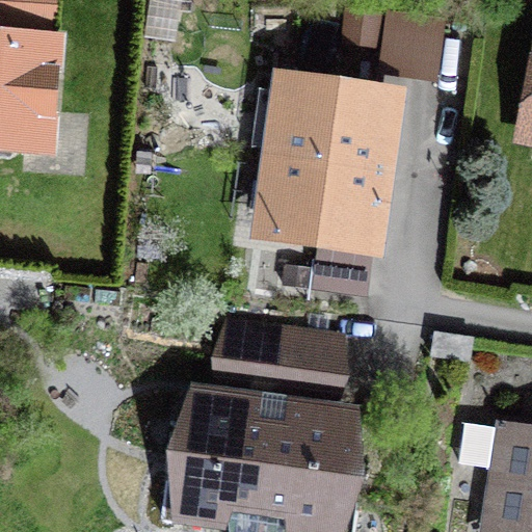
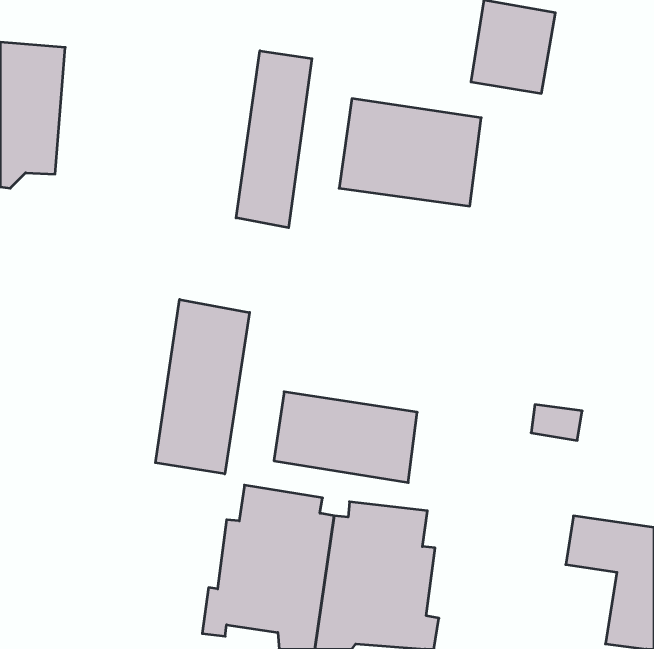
building: none -> [236,51,312,228]
building: [265,153,381,239] -> none
building: none -> [155,299,250,474]

